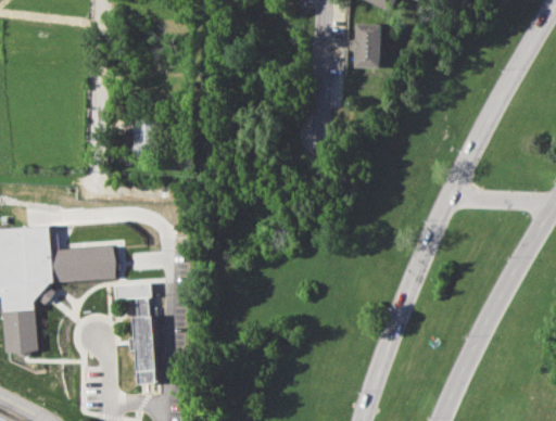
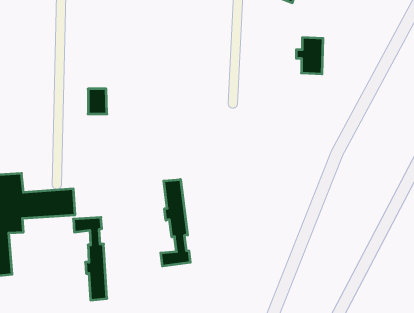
building: [346,23,380,68] -> [296,38,323,74]
building: none -> [161,179,190,266]

